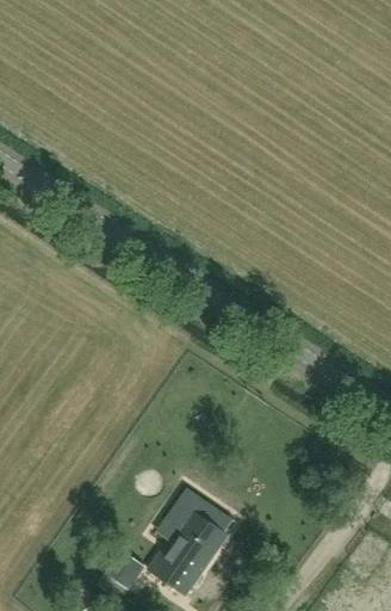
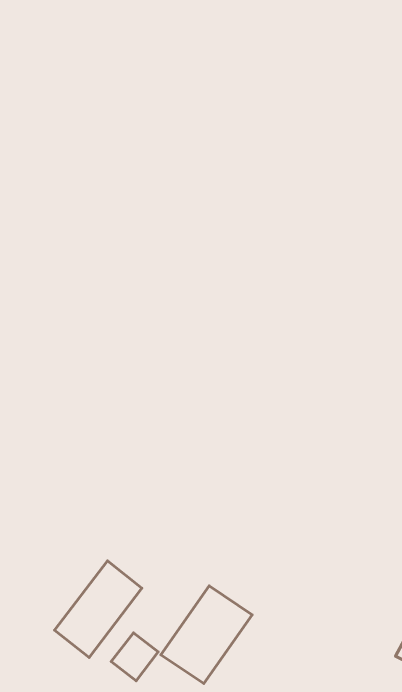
building: none -> [55,561,142,658]

